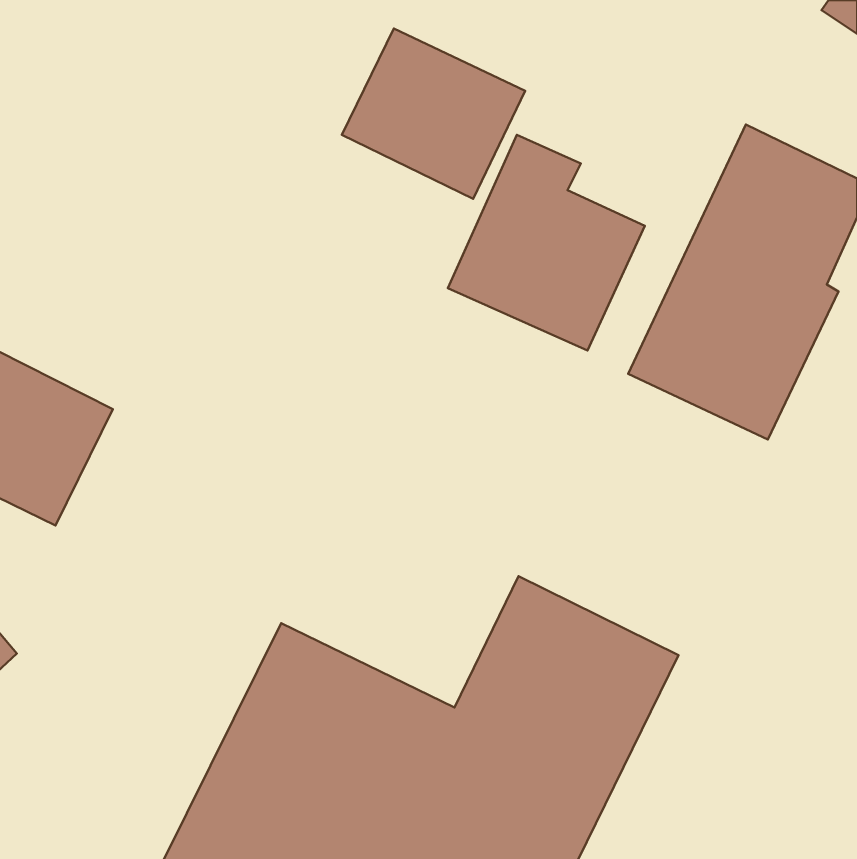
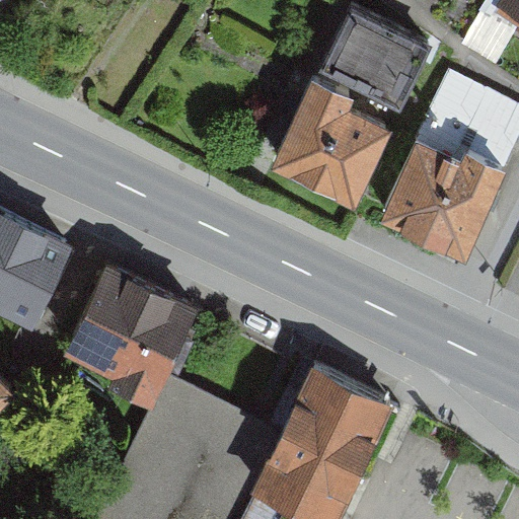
building: [342,29,525,199] -> [318,12,429,115]
building: none -> [72,265,191,385]

